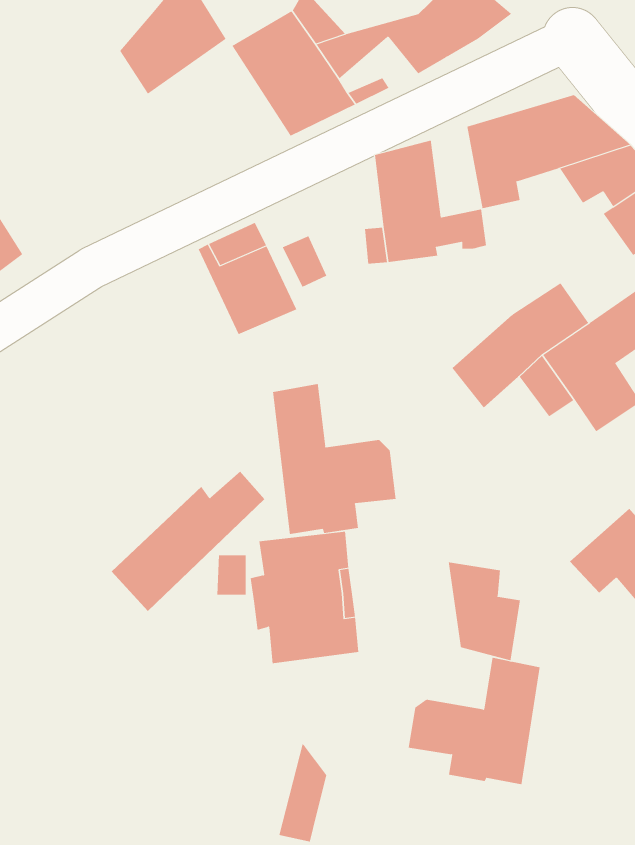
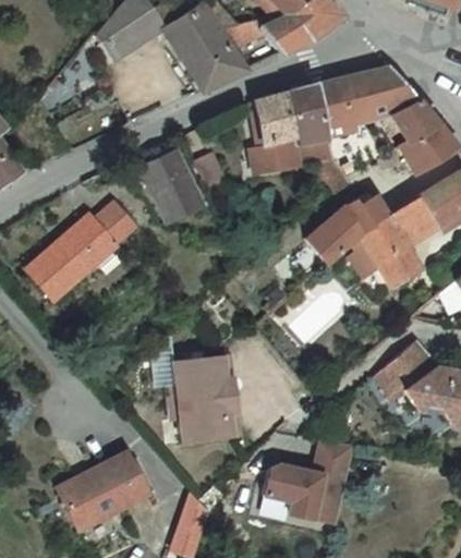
building: none -> [289,87,322,146]
building: [273,383,396,535] -> none
building: [111,471,265,612] -> [33,207,133,299]
building: [448,561,521,661] -> none
building: none -> [63,452,154,526]

